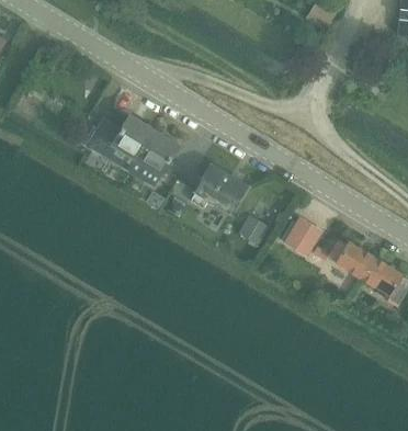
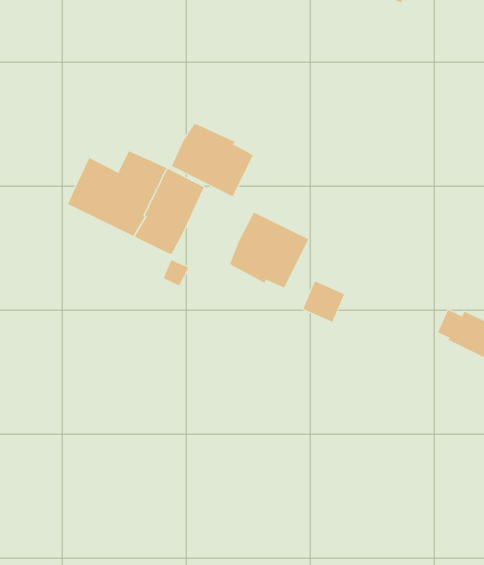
building: none -> [171,123,253,197]
building: [282,216,322,258] -> none

